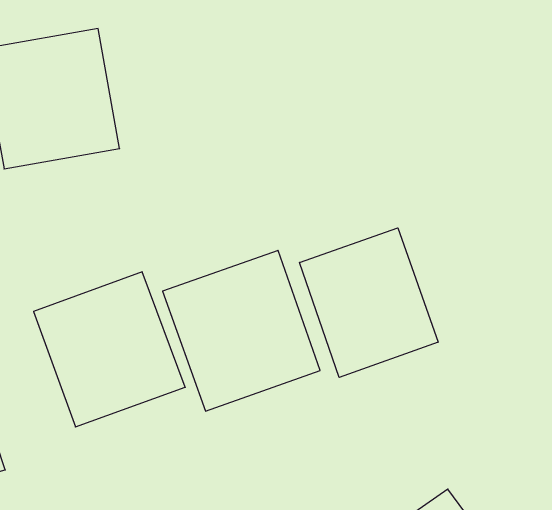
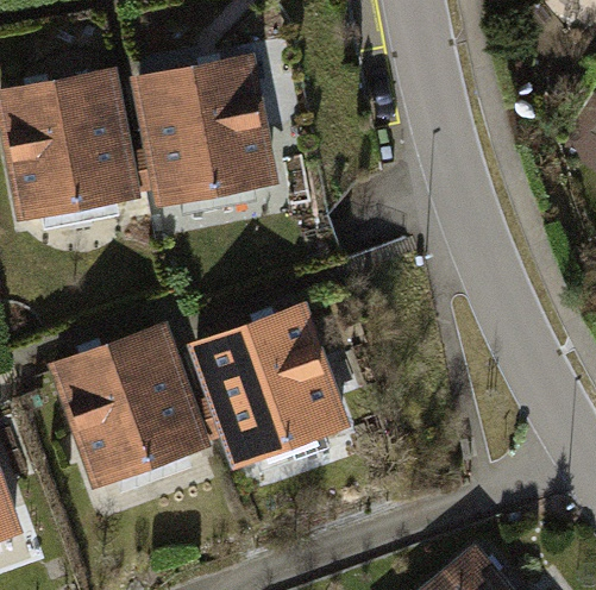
building: none -> [130,58,277,206]
building: [300,228,438,377] -> none

